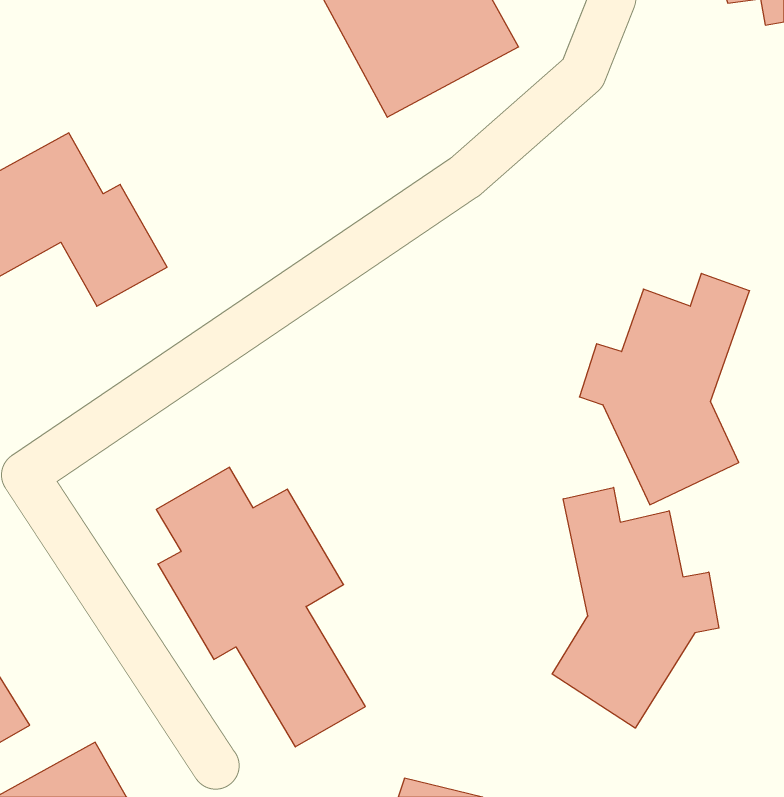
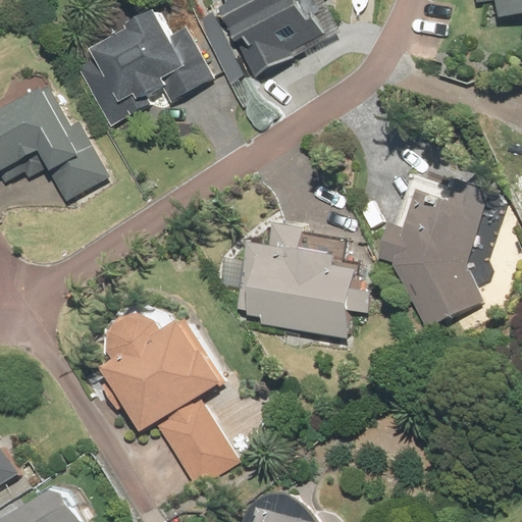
building: none -> [77,11,210,130]
building: none -> [234,241,359,334]
building: [552,487,719,728] -> none

